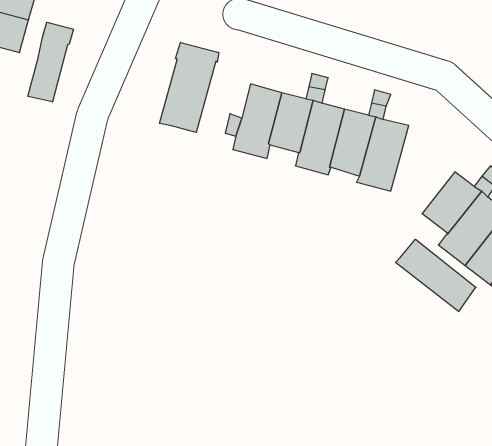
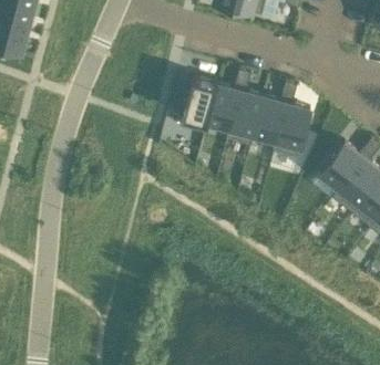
building: [28,22,73,102] -> none
building: [159,42,219,132] -> none
building: [396,239,476,312] -> none

